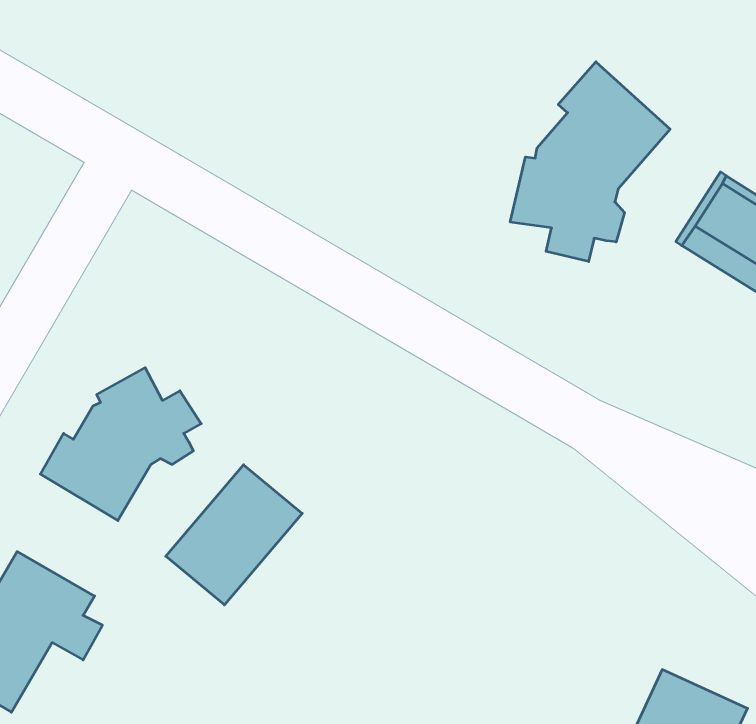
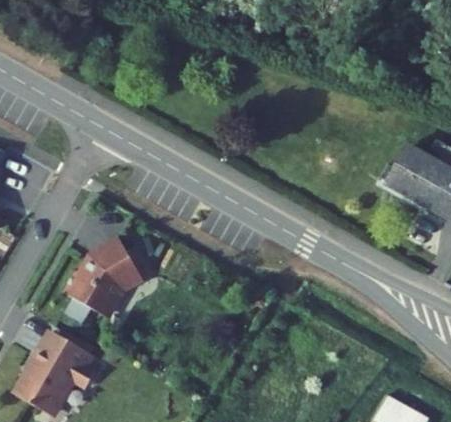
building: [510,62,670,262] -> none
building: [166,465,302,605] -> none

